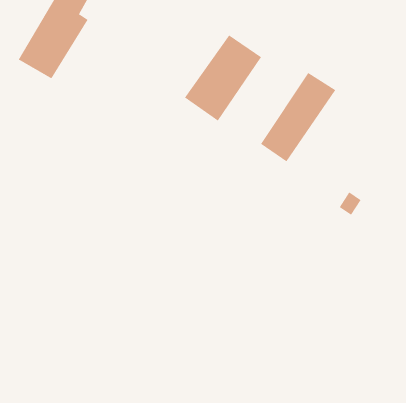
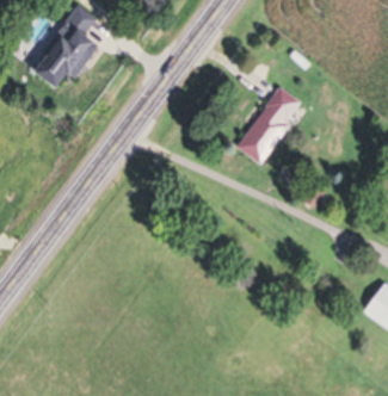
building: [184,34,262,122] -> none

